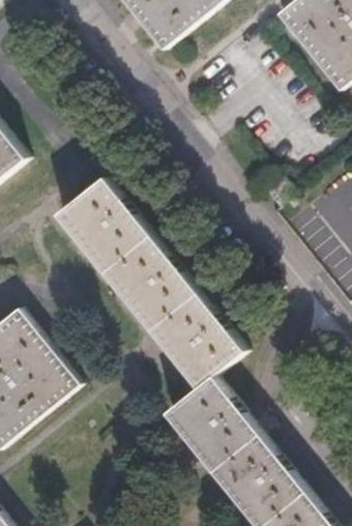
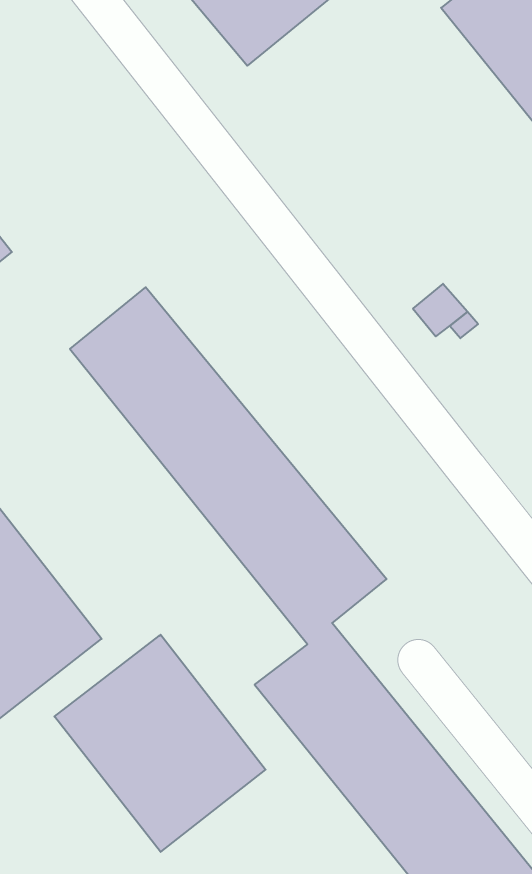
building: none -> [54,635,266,852]

